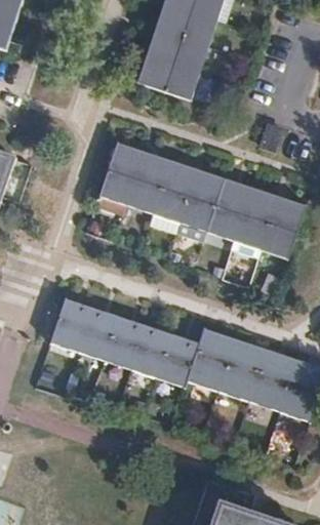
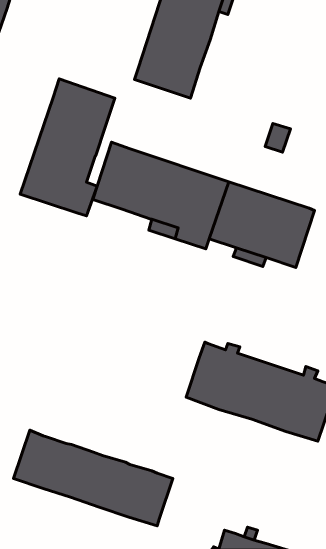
building: none -> [20,79,115,216]
building: [50,297,199,387] -> [13,430,173,526]

